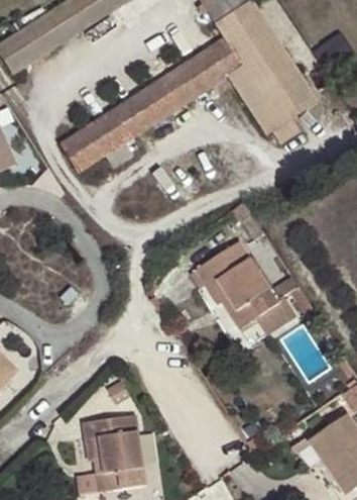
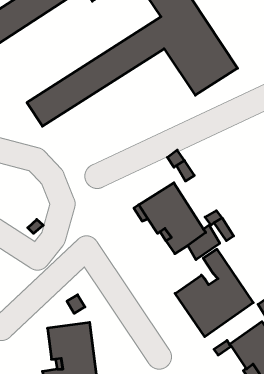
building: none -> [175,249,253,337]

